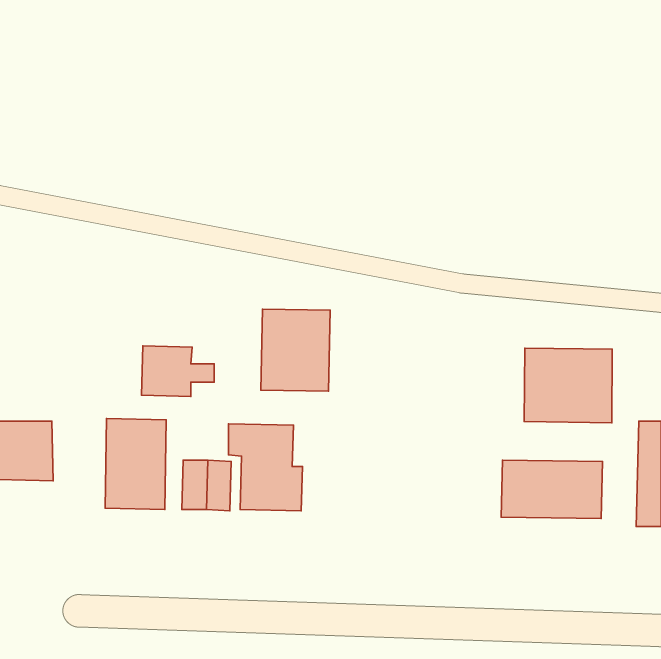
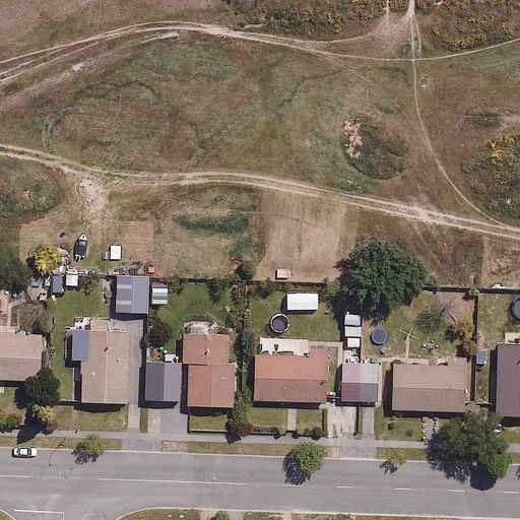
building: [261,309,330,391] -> none
building: [524,348,612,423] -> none
building: none -> [254,342,378,403]

